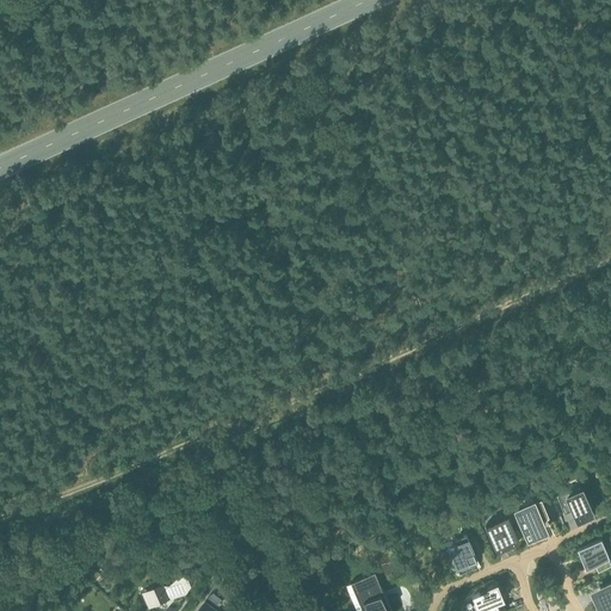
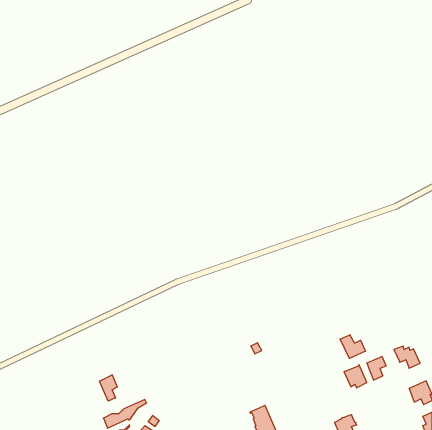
building: none -> [340,335,365,358]
building: none -> [100,375,117,401]
building: [449,537,476,575] -> none

